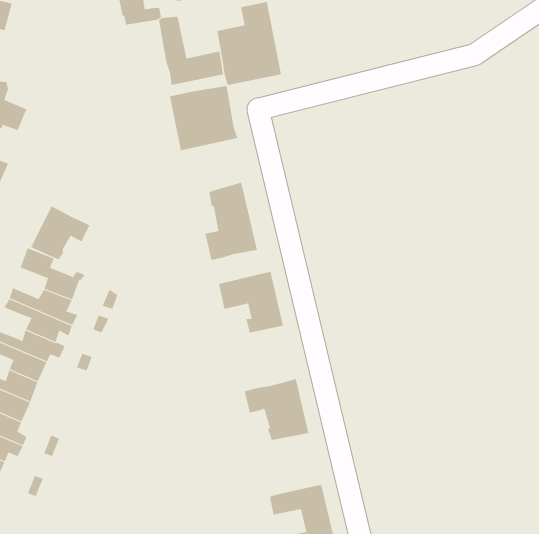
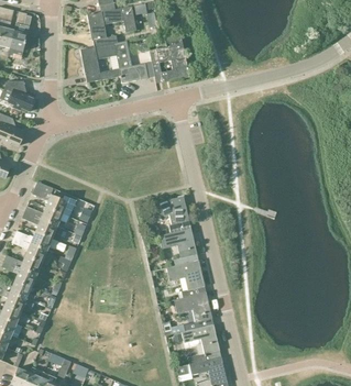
building: [169,85,238,151] -> [79,43,121,82]
building: [205,182,258,261] -> none
building: [30,205,90,260] -> none
building: none -> [158,228,198,265]
building: none -> [174,293,213,330]

